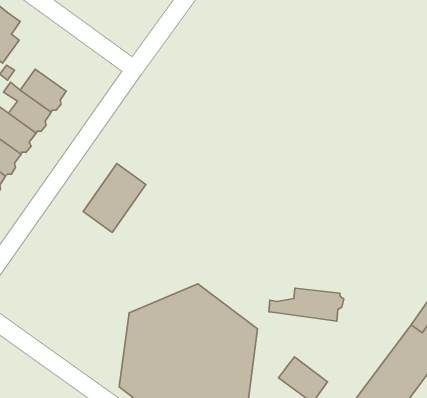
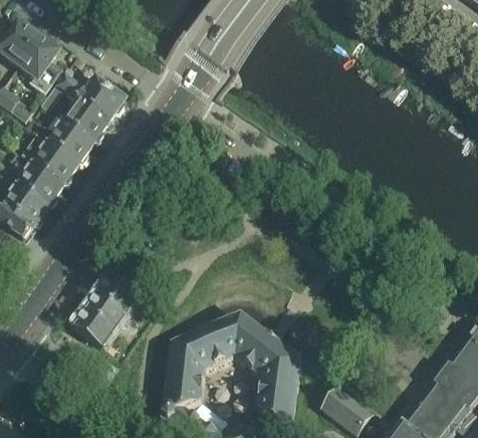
building: none -> [55,65,124,119]
building: [83,163,146,232] -> [74,275,138,345]
building: [269,288,344,321] -> none

